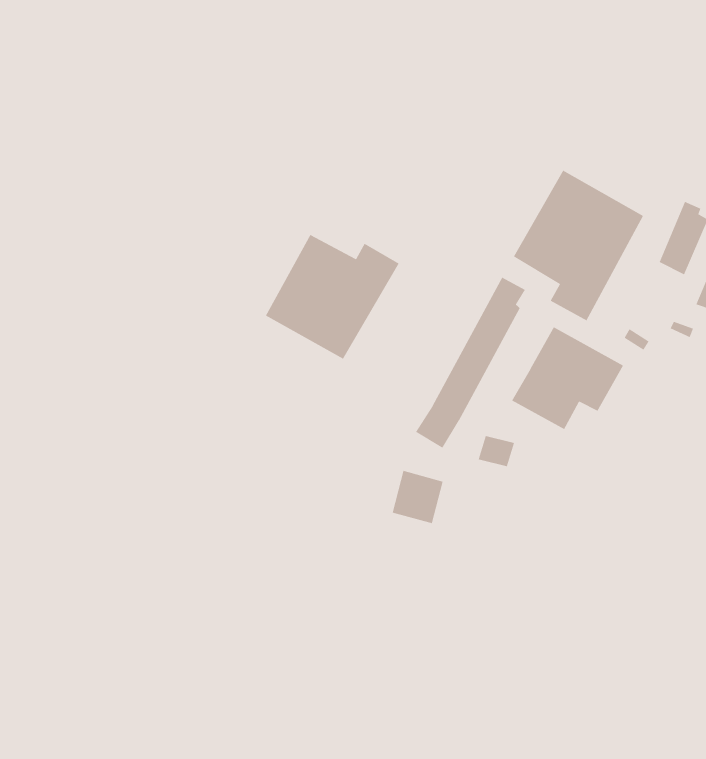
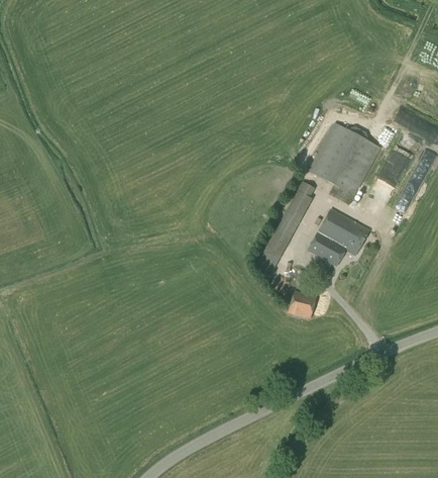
building: [265,234,400,360] -> none
building: [392,470,443,524] -> [289,288,317,317]

